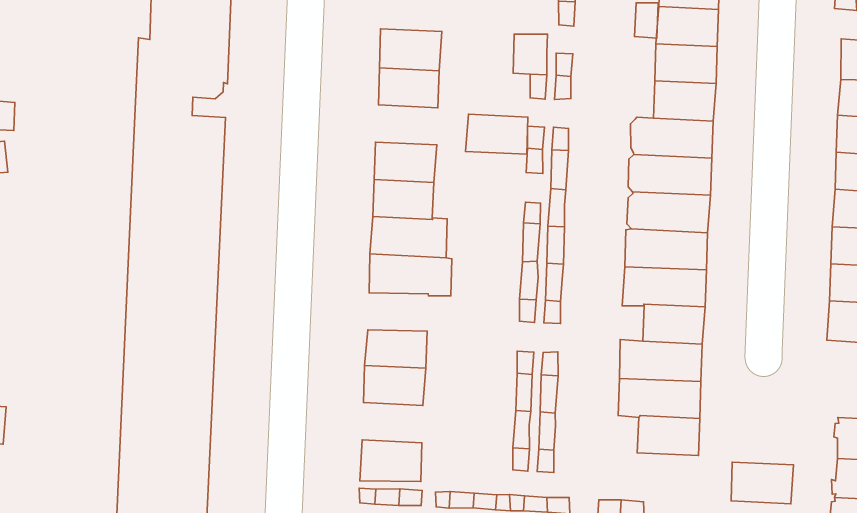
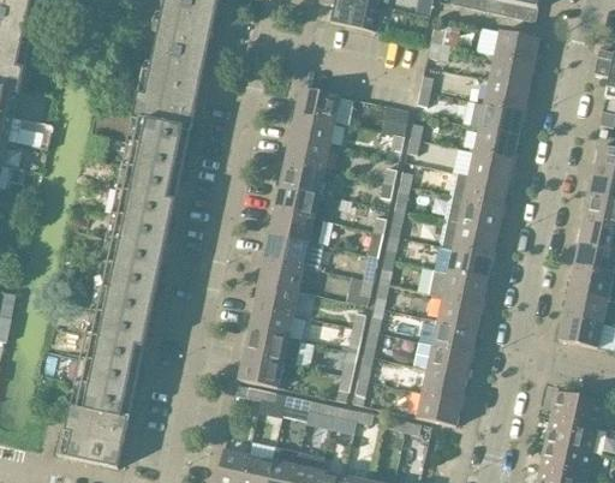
building: [465,114,528,154] -> [285,138,329,171]
building: none -> [259,260,303,291]
building: none -> [244,330,287,363]
building: [731,462,793,504] -> [417,393,461,427]

